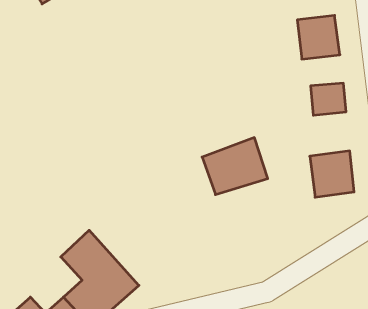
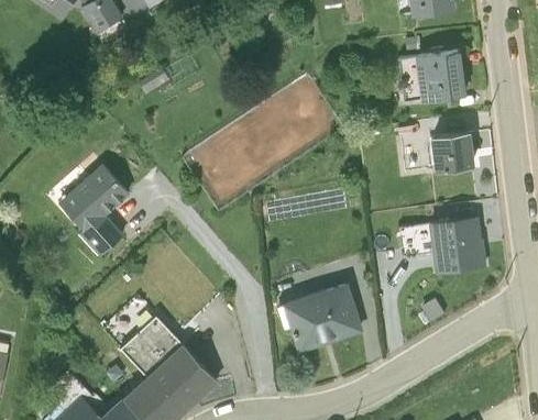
building: none -> [55,164,129,255]
building: [202,138,268,195] -> [282,281,363,352]

